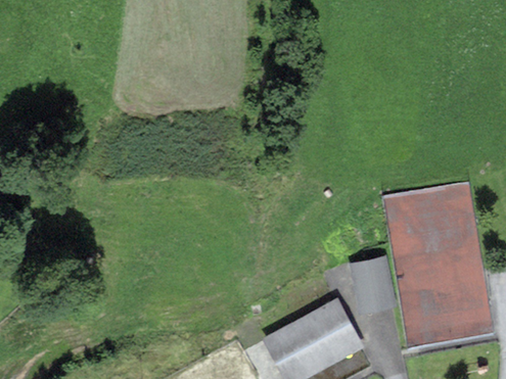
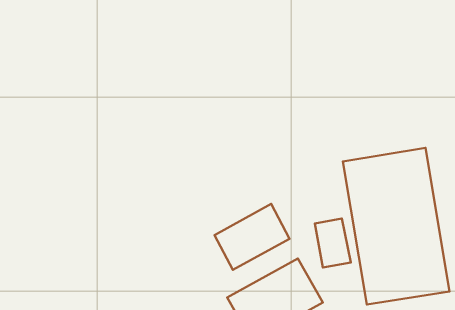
building: none -> [214,204,290,270]

